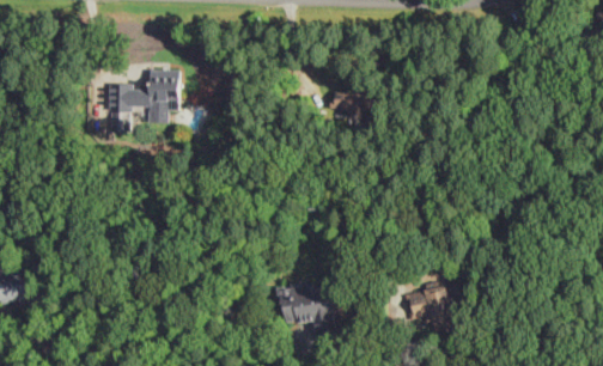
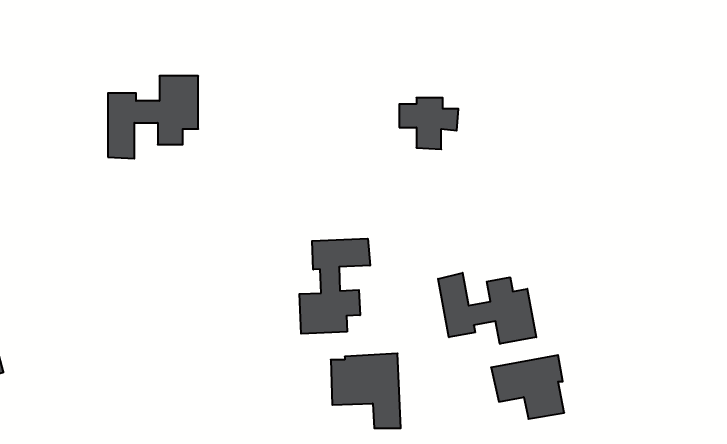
building: none -> [299,239,370,334]
building: none -> [438,273,536,344]

